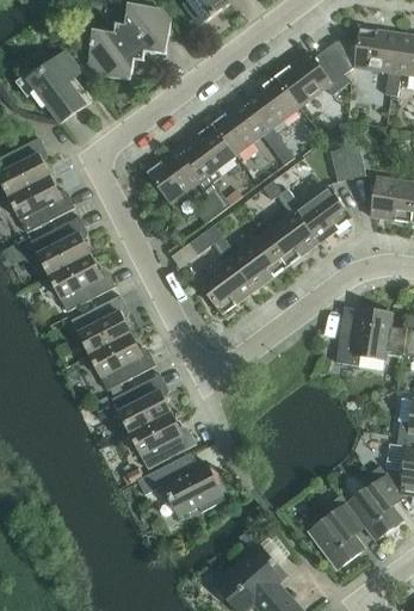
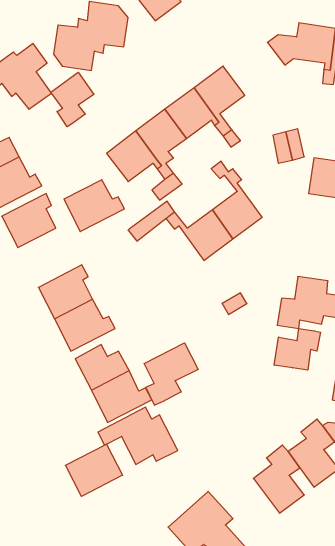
building: [276,49,350,107] -> none
building: none -> [51,72,94,127]
building: [291,186,352,242] -> none
building: [198,252,254,314] -> none
building: [49,254,116,311] -> [64,180,124,232]
building: none -> [274,328,320,370]
building: none -> [144,343,198,405]
building: none -> [65,444,123,496]

